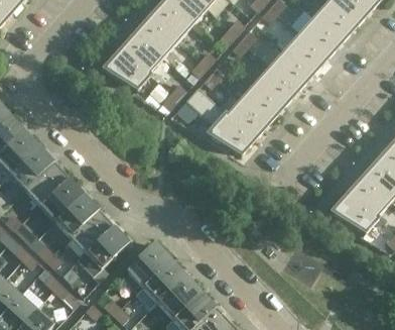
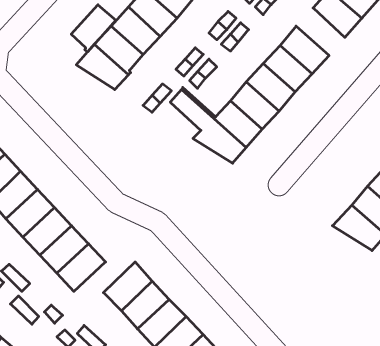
building: none -> [71,5,116,52]
building: [298,16,342,59] -> none

